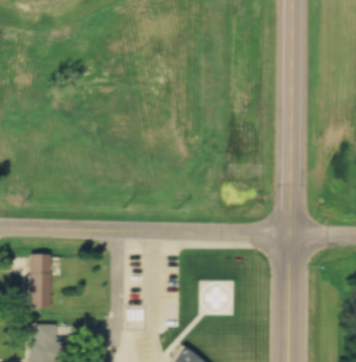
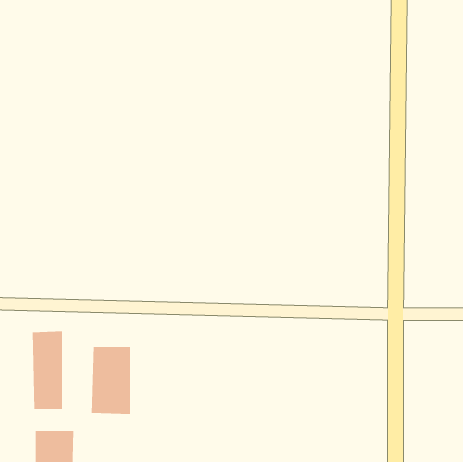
building: none -> [91,346,130,415]

